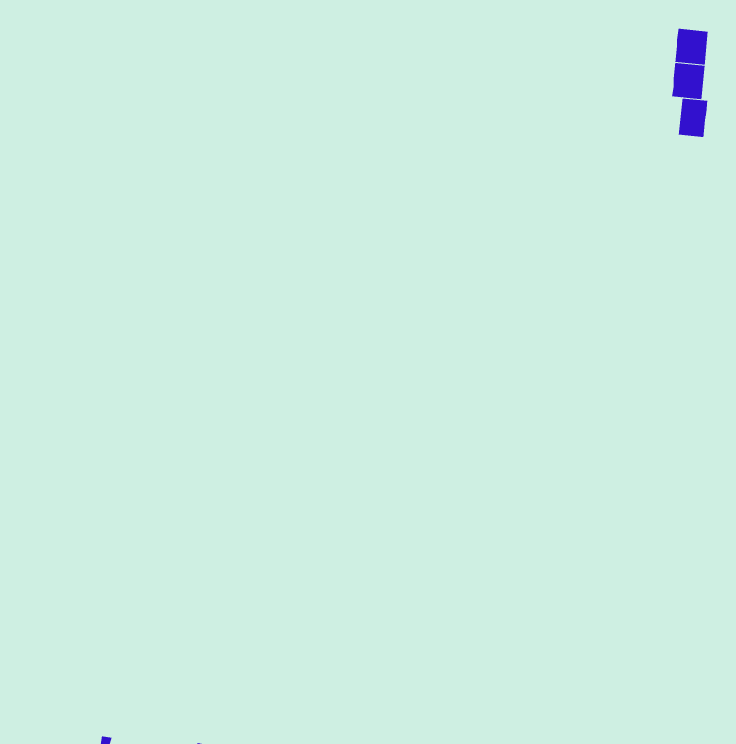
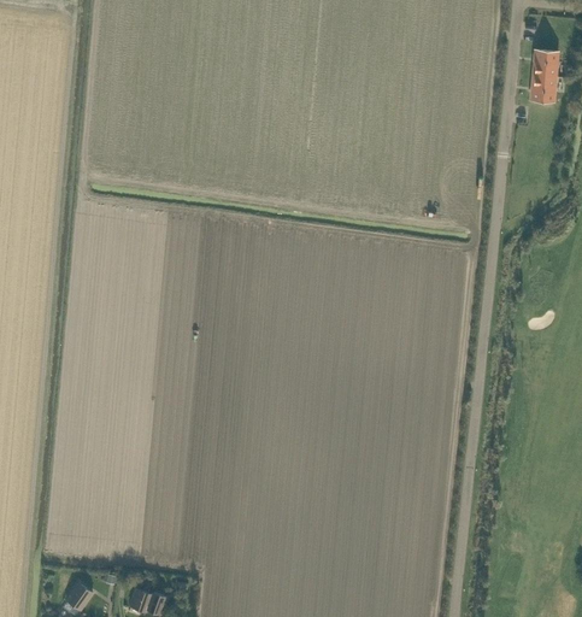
building: [678,98,708,138] -> none

